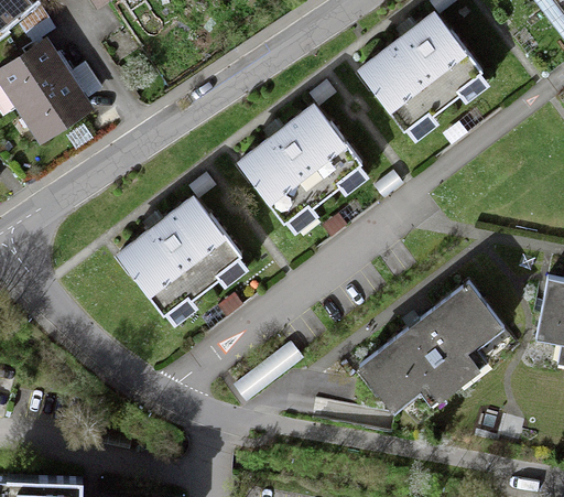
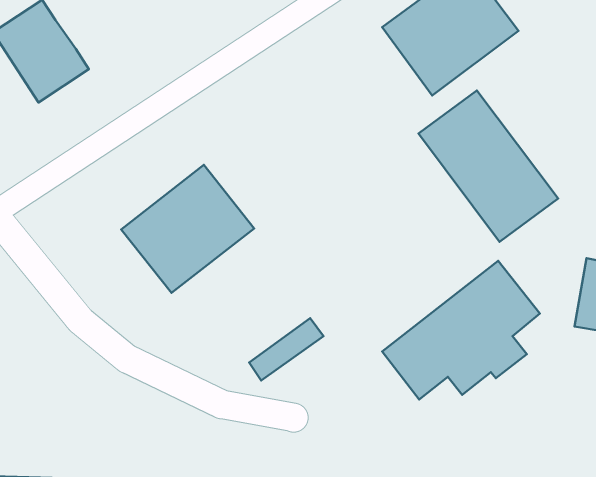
building: [237,105,362,226] -> none
building: none -> [418,90,558,242]

